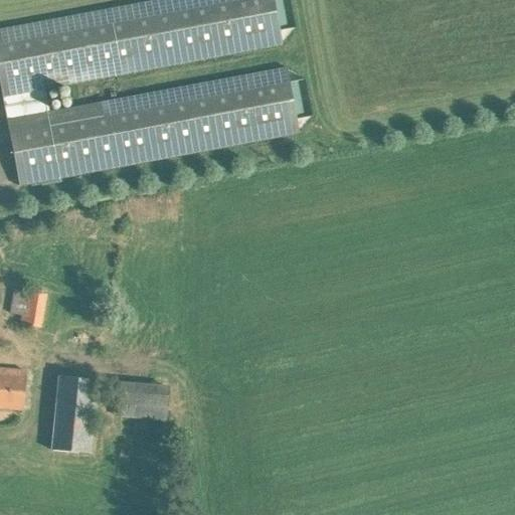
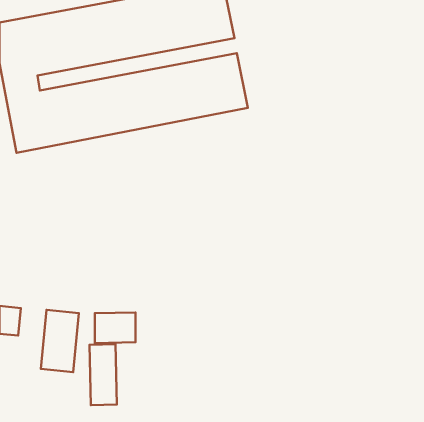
building: [20,287,46,323] -> none
building: none -> [89,344,117,405]

